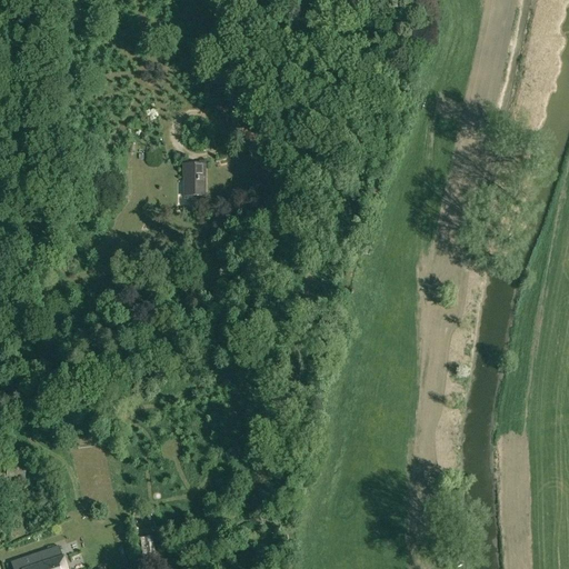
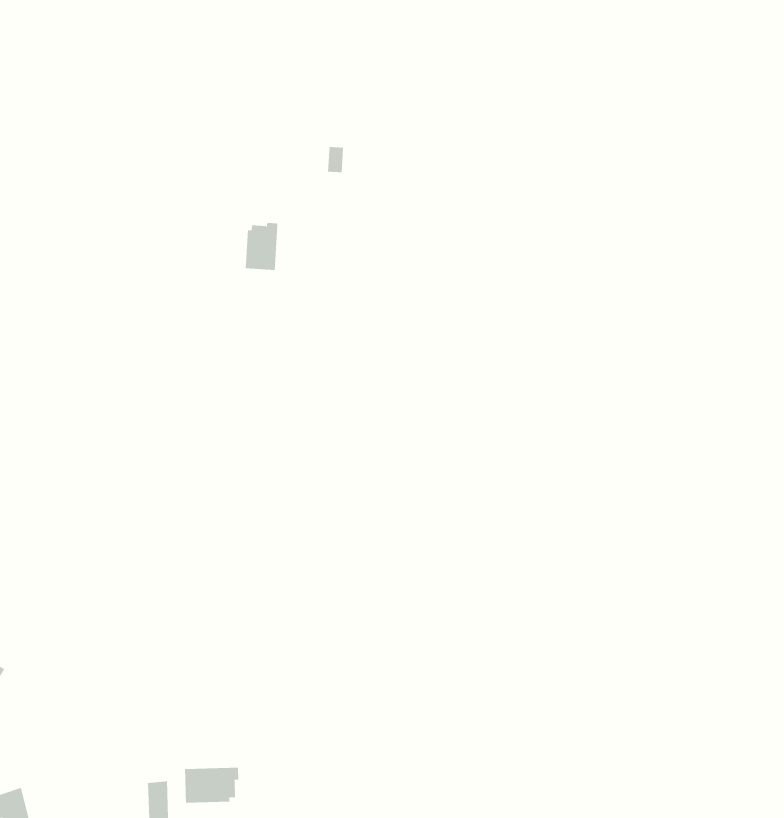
building: none -> [185,767,239,803]

